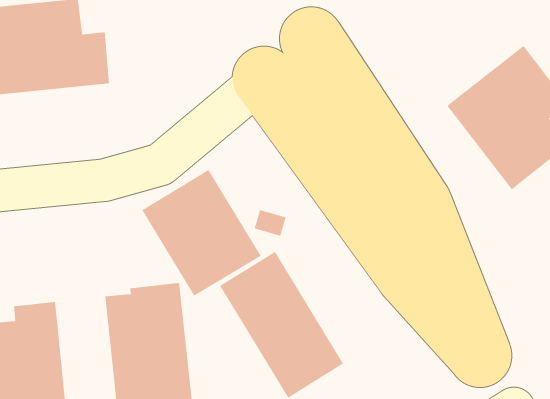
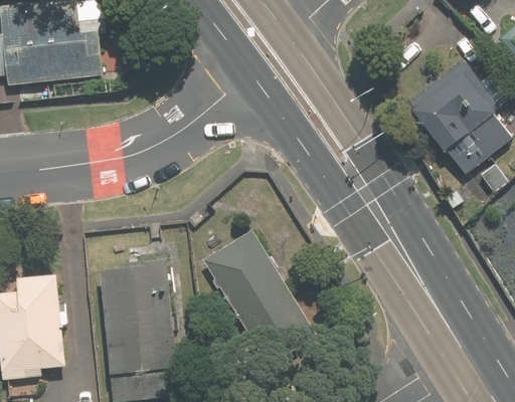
building: [141,169,261,297] -> none

